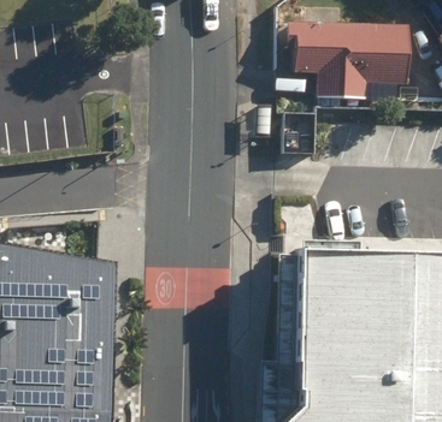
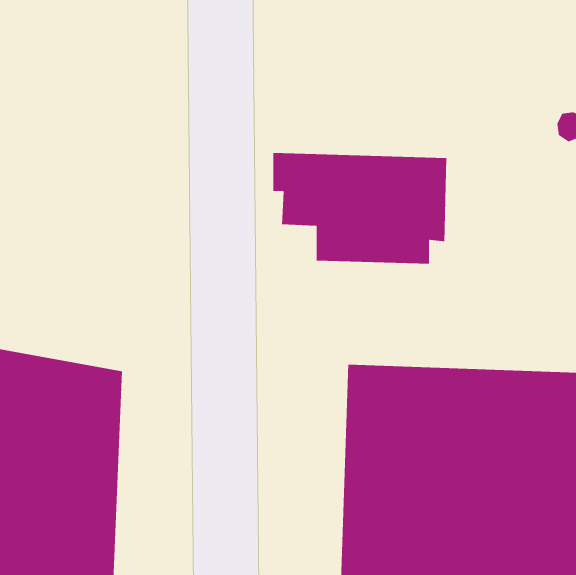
building: [288,20,409,99] -> [273,152,447,265]

